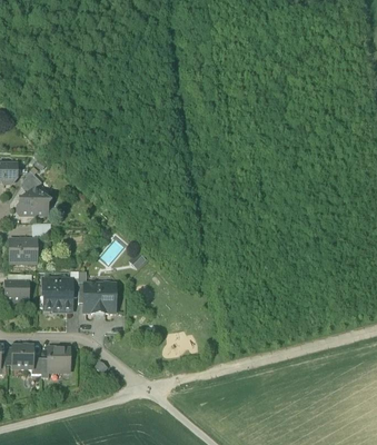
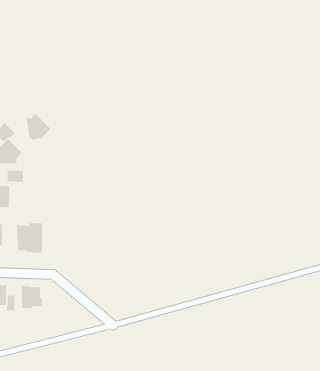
building: none -> [26,113,51,141]
building: [85,281,113,310] -> none

